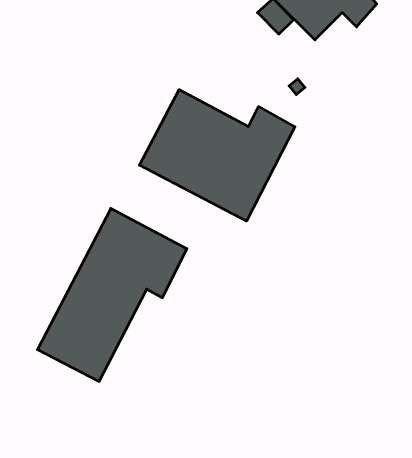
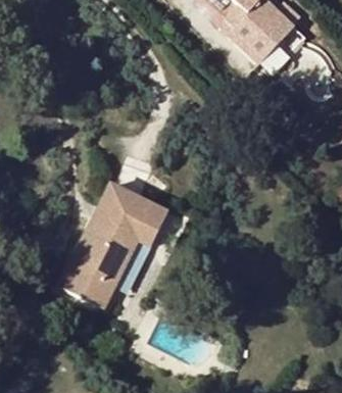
building: [139,90,295,221] -> none

